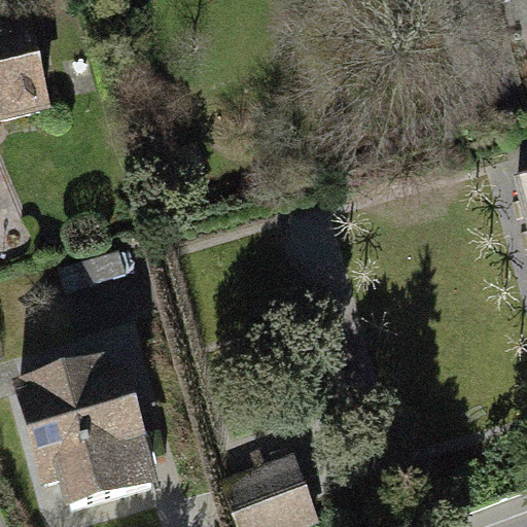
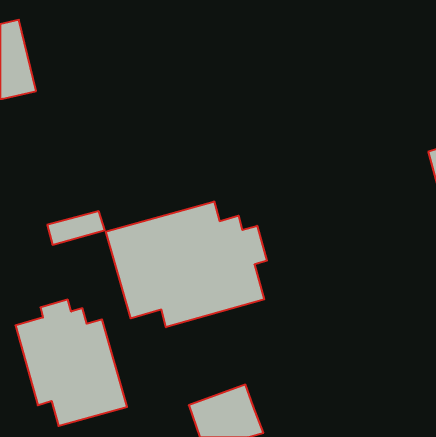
building: none -> [106,201,267,327]

